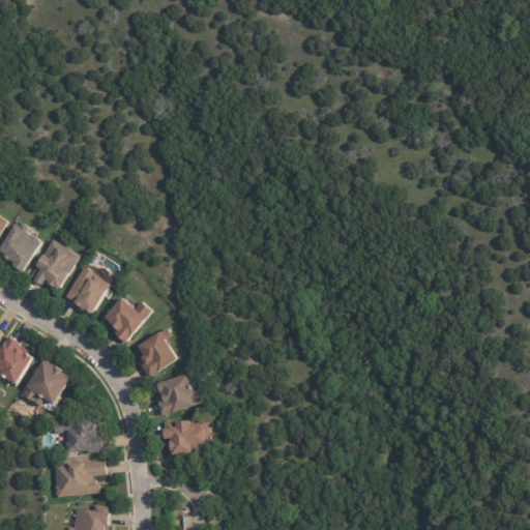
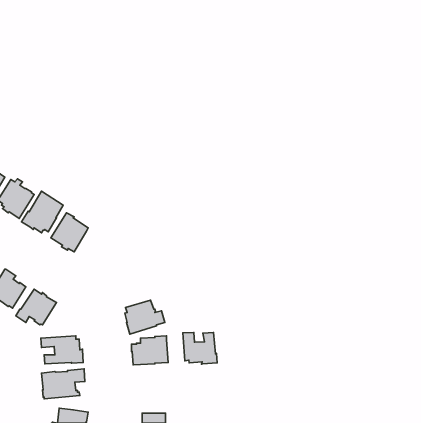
building: [99,296,150,341] -> none
building: [137,327,177,378] -> none
building: none -> [183,332,217,364]

